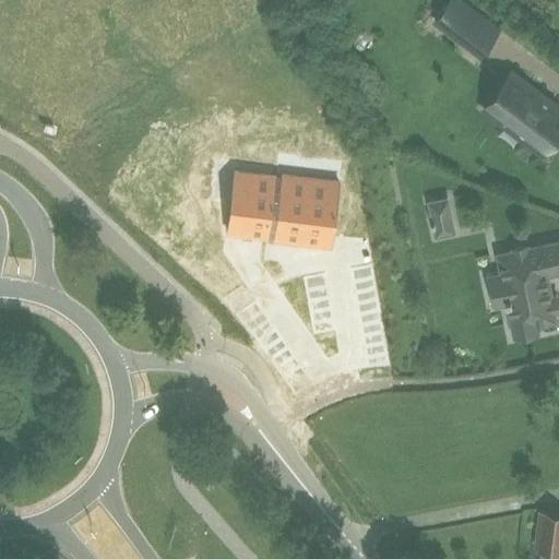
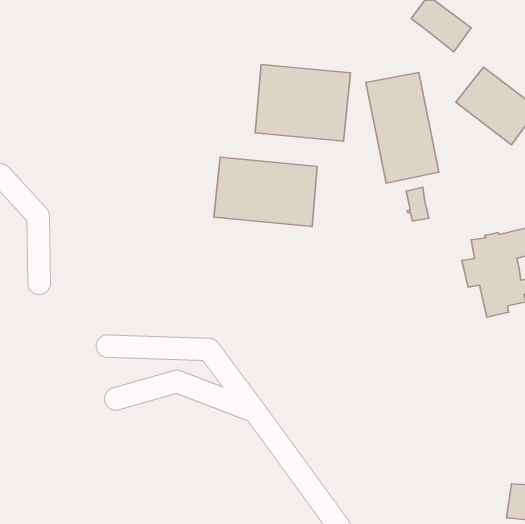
building: none -> [255,64,350,141]
building: none -> [366,73,439,183]

